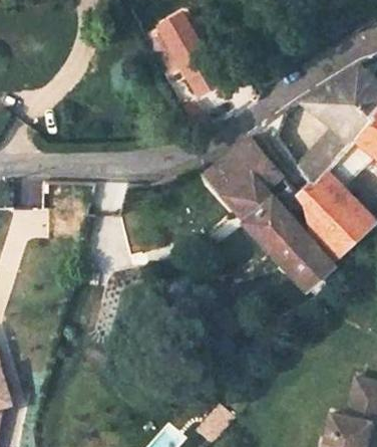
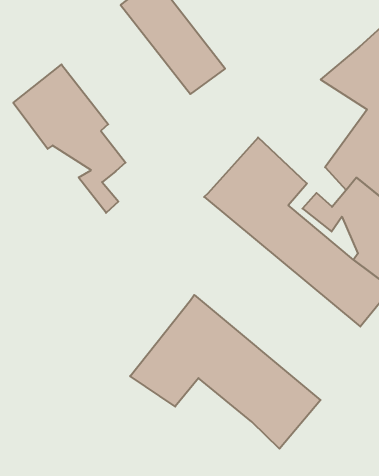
building: none -> [13,64,126,213]
building: none -> [130,295,321,449]

